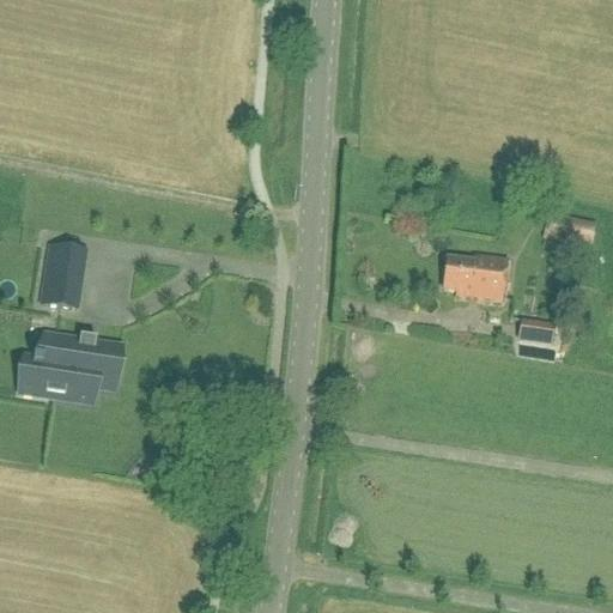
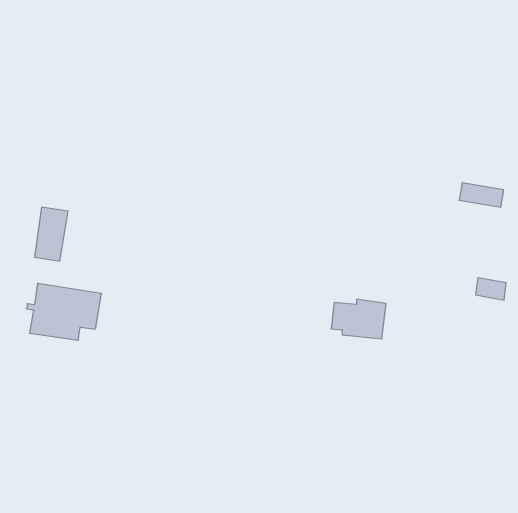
building: [443,253,508,299] -> [331,299,386,339]
building: [517,317,553,344] -> [476,278,506,300]

